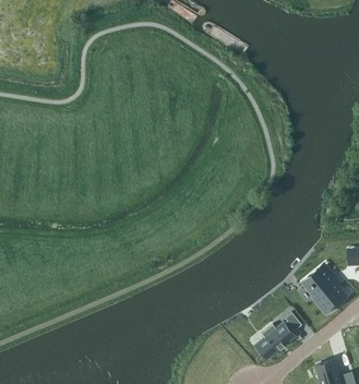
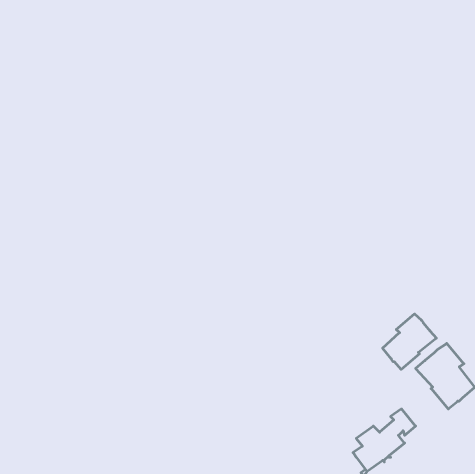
building: none -> [383,314,436,369]

